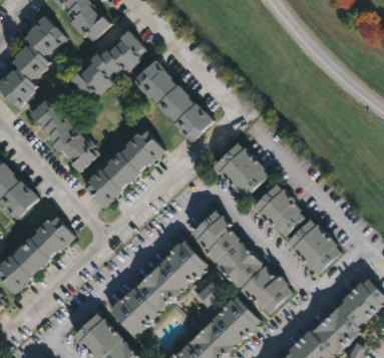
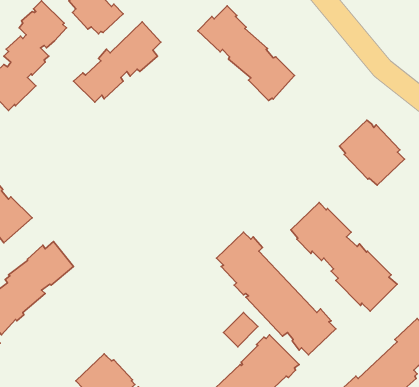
building: [128,59,211,139] -> [198,6,295,100]
building: [27,98,94,173] -> none
building: [83,130,163,208] -> none
building: [216,142,271,198] -> [340,120,404,185]
building: [109,240,210,337] -> none

